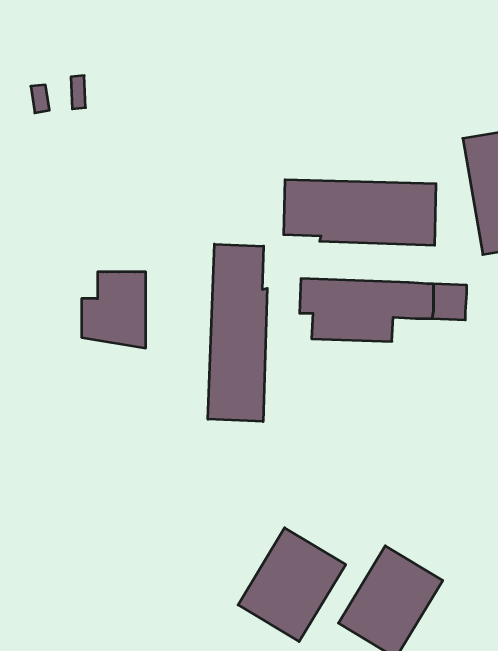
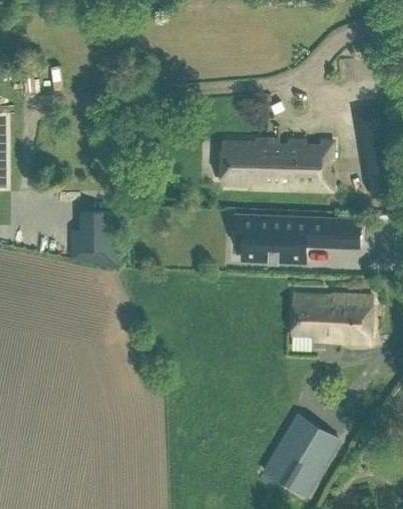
building: [208,244,267,422] -> none
building: none -> [291,292,372,345]
building: [238,528,346,642] -> none

